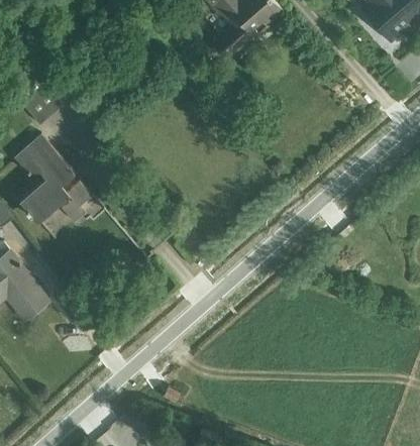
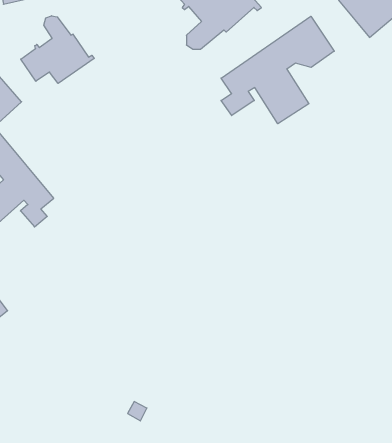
building: none -> [21,16,94,83]
building: none -> [221,16,334,124]

